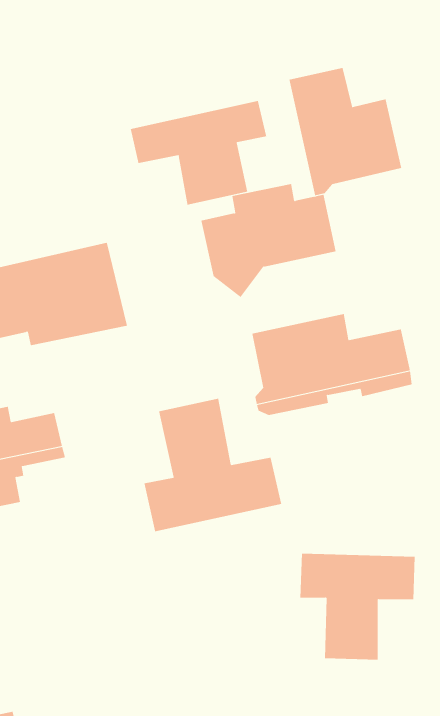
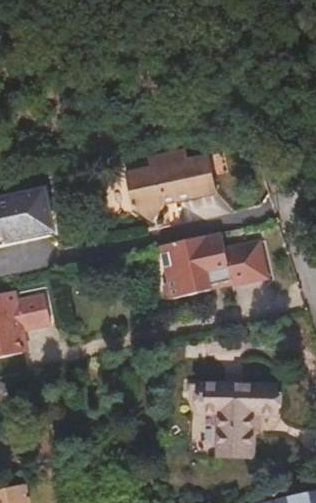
building: [289,67,402,196] -> none
building: [130,100,267,206] -> none
building: [144,398,282,532] -> none

